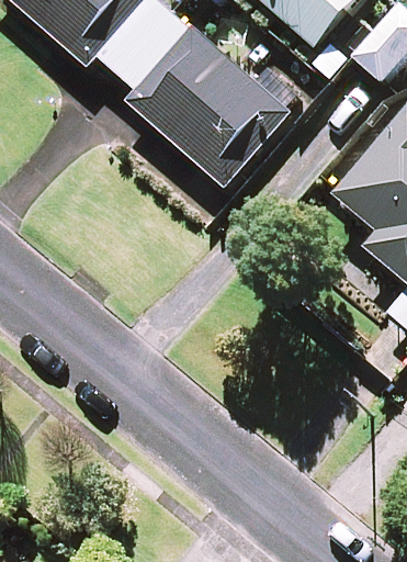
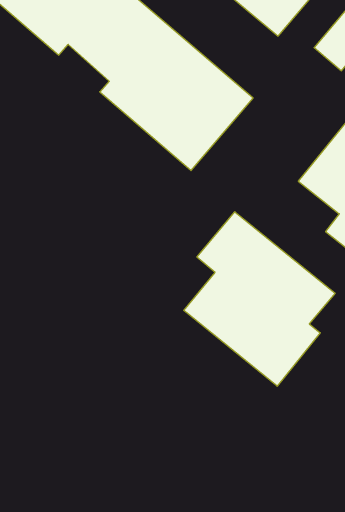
building: none -> [184,212,335,386]

